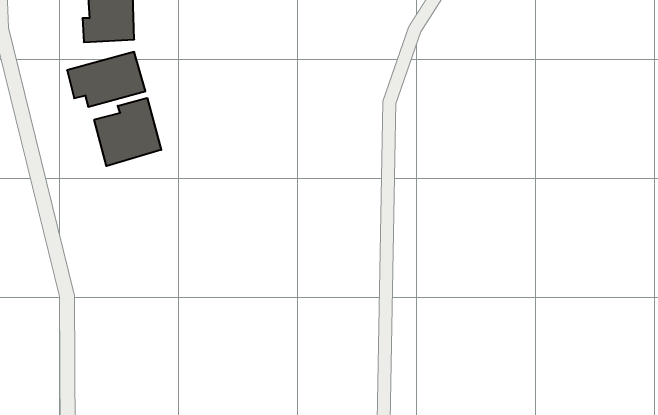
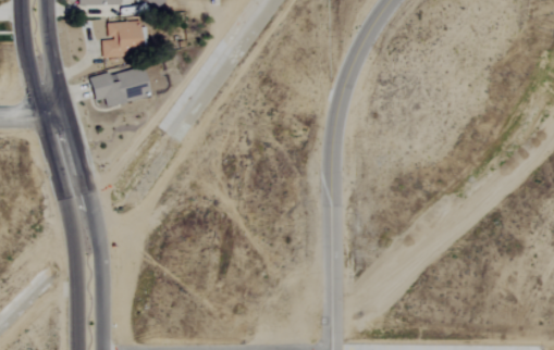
building: [94,98,161,166] -> none

